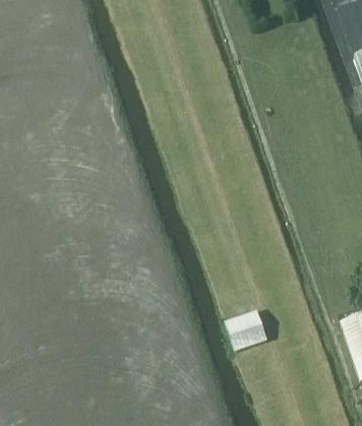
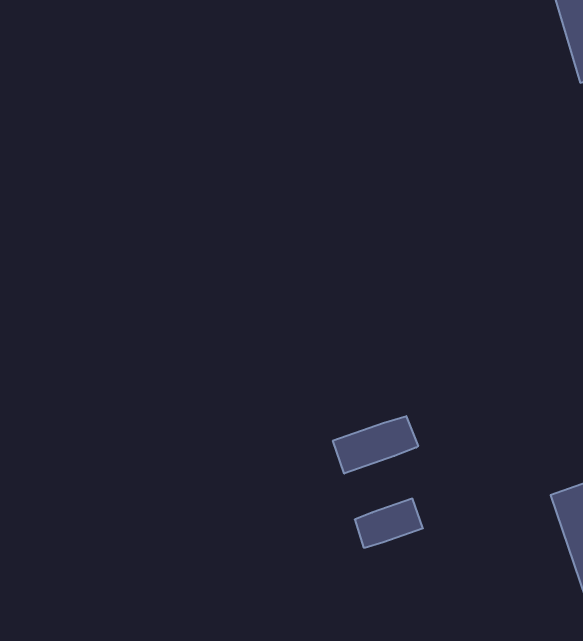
building: none -> [333,416,418,474]

